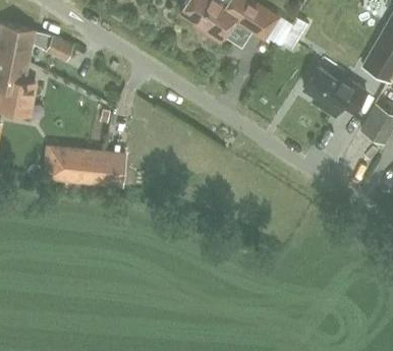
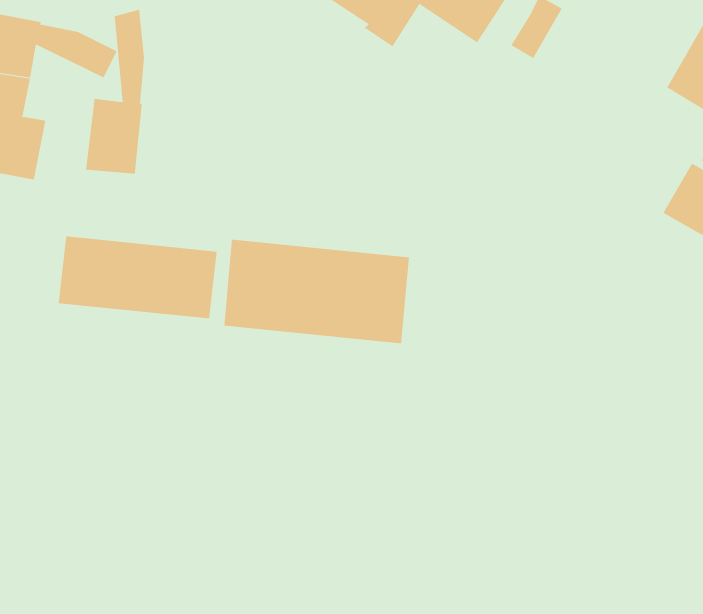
building: none -> [85,9,145,174]
building: [303,57,367,115] -> none
building: none -> [224,239,409,344]

